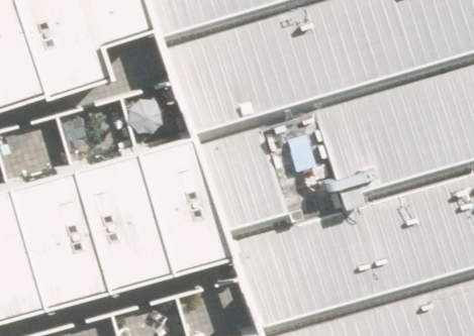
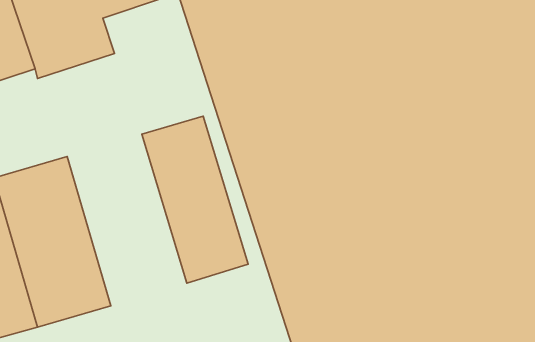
building: [65,132,167,278] -> none

